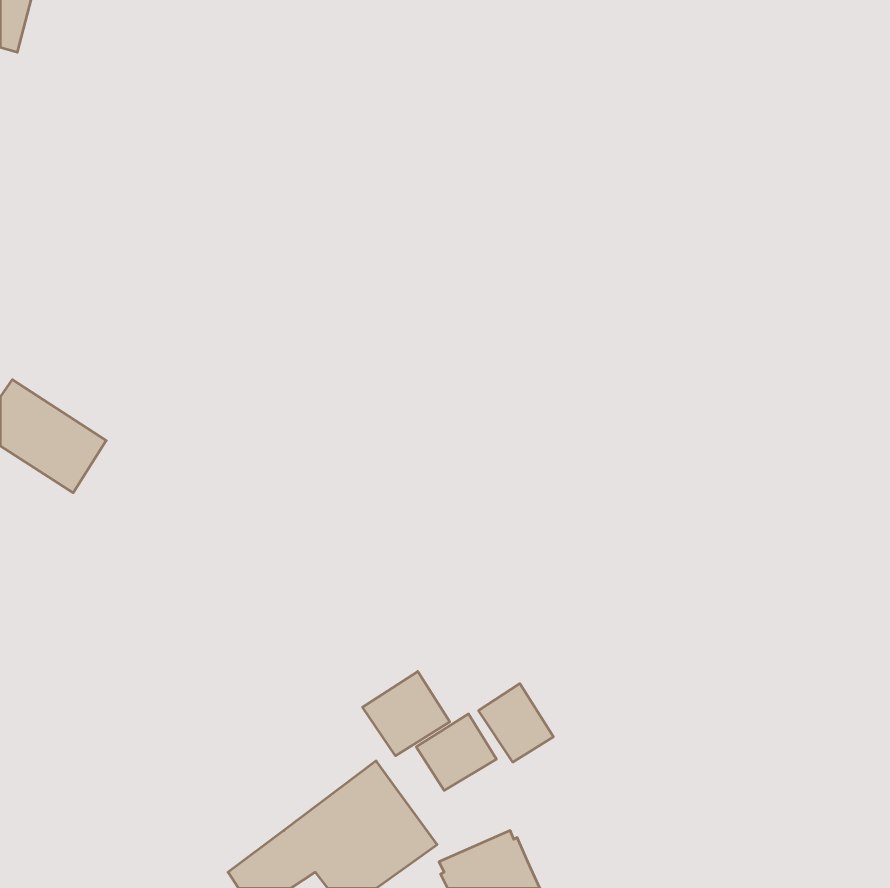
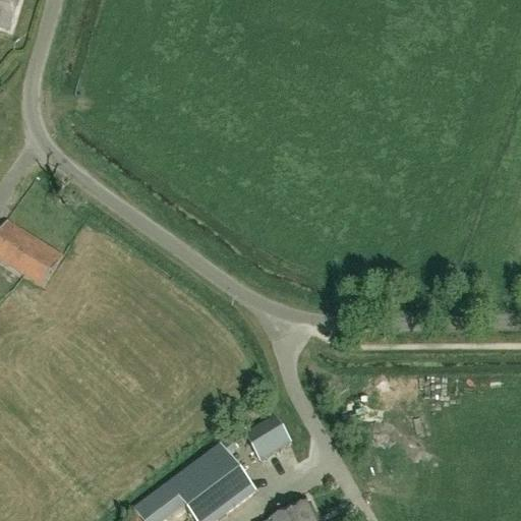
building: [363,671,450,756] -> none
building: [479,684,553,762] -> none

